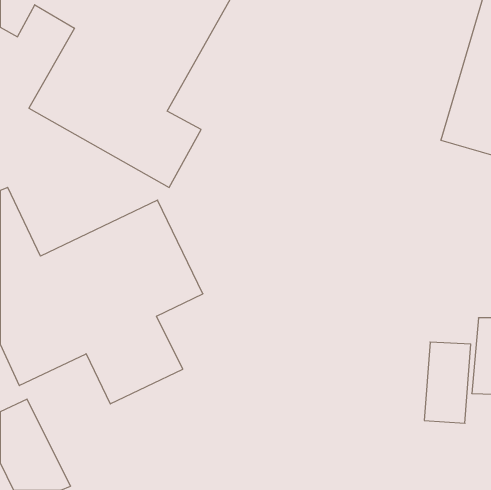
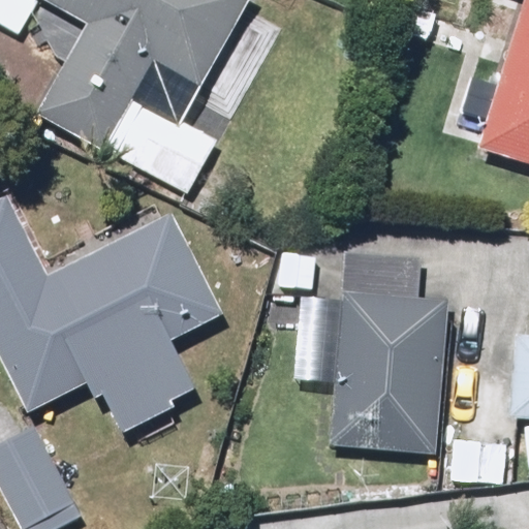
building: none -> [335,256,446,443]

